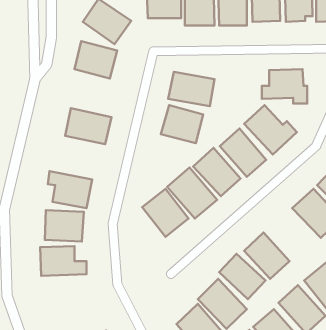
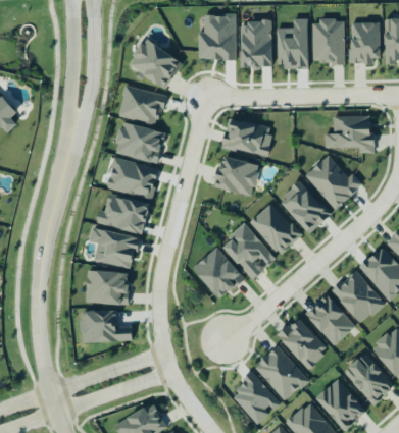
building: none -> [114,121,164,163]
building: none -> [96,196,148,231]
building: none -> [332,270,384,324]

